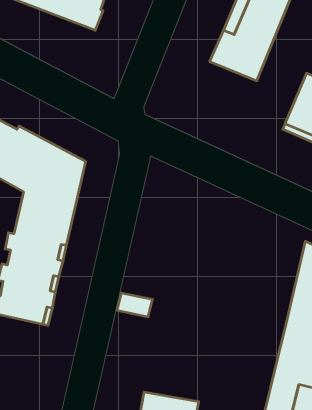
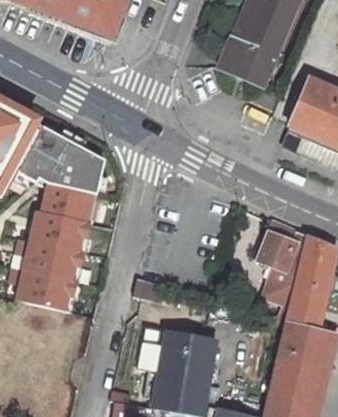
building: none -> [258,219,307,314]
building: none -> [136,326,215,382]

